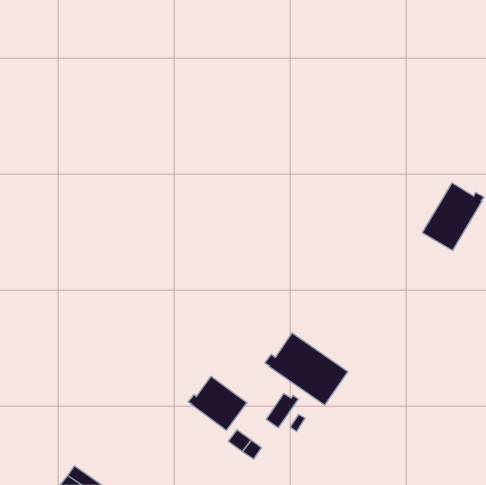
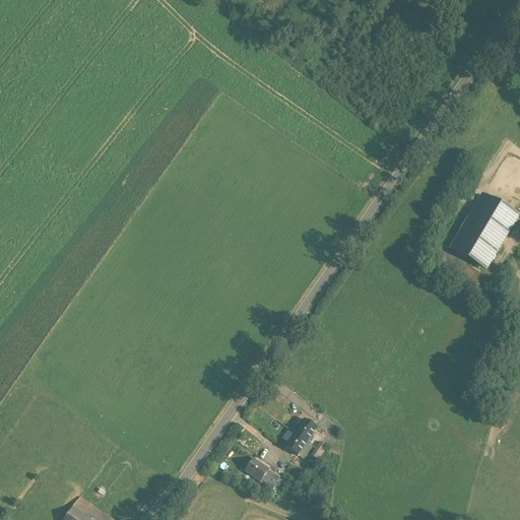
building: [265,333,348,405] -> none
building: [188,376,247,430] -> none

